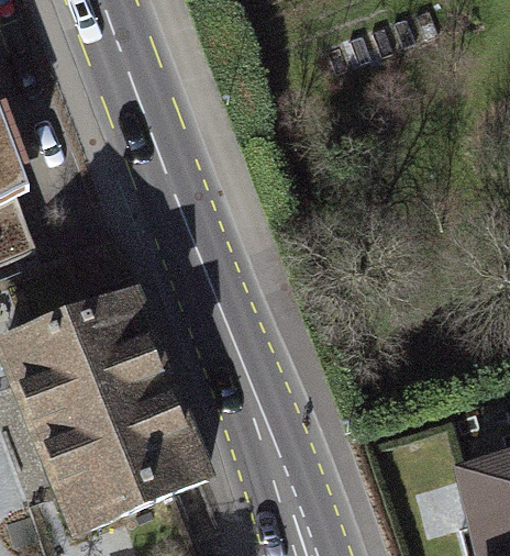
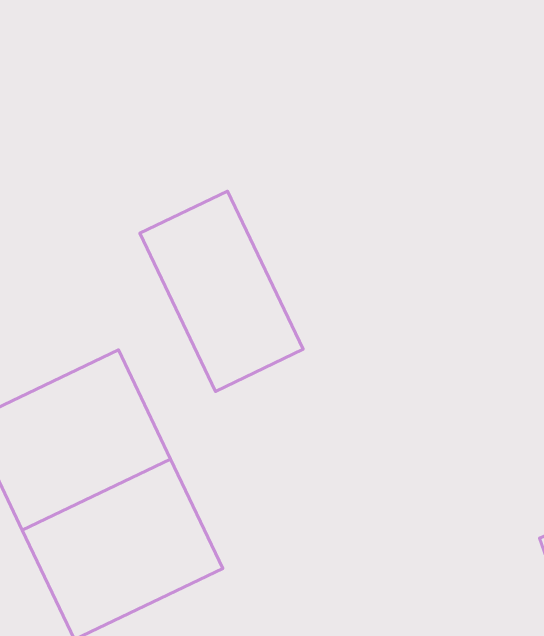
building: none -> [140,191,303,391]

